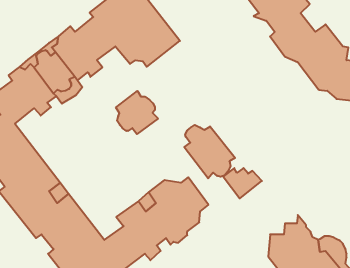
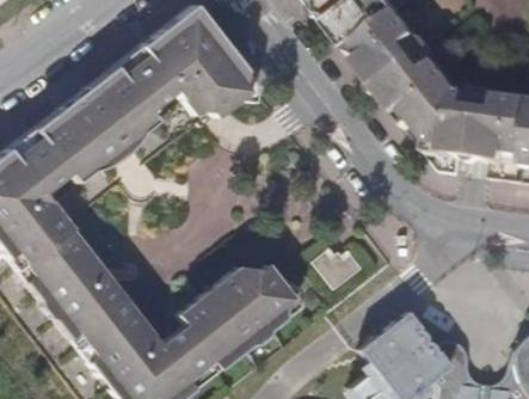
building: [116,91,158,134] -> none
building: [184,125,235,178] -> none

